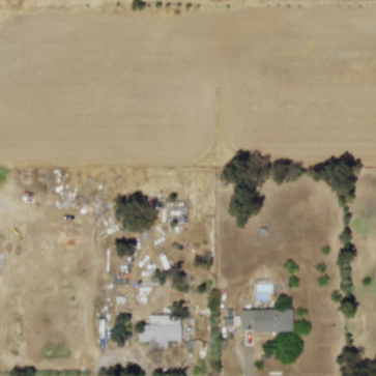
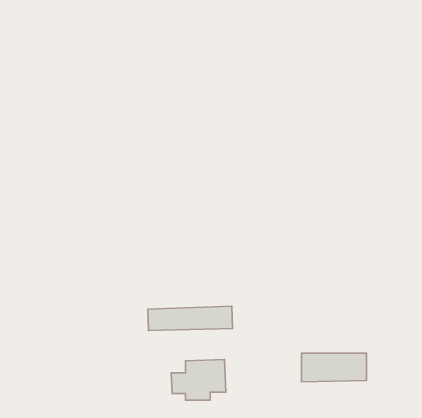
building: none -> [148,306,232,330]

